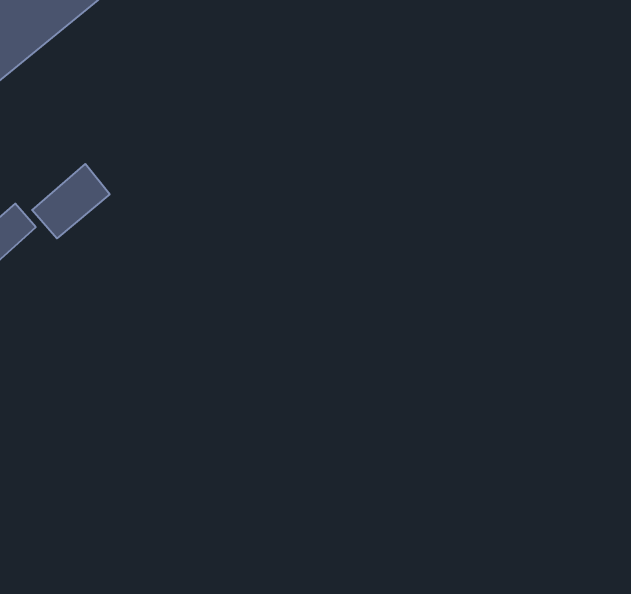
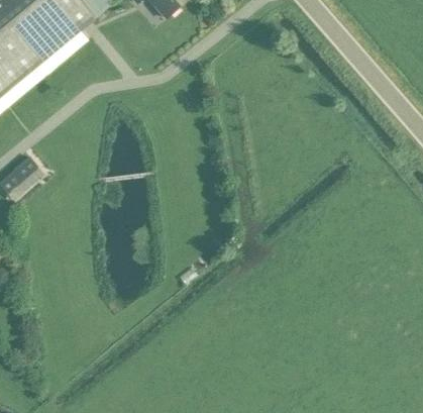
building: [32,164,110,238] -> none

